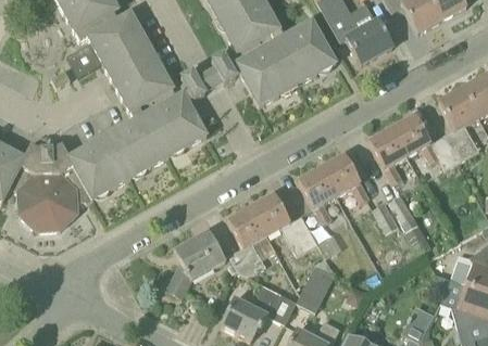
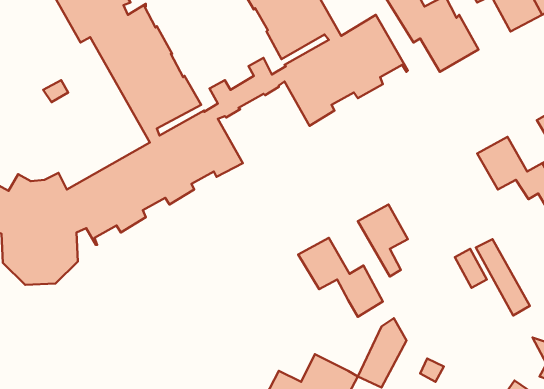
building: [368,127,408,184] -> none
building: [322,153,370,202] -> none
building: [228,206,267,275] -> none
building: [167,230,226,297] -> none

